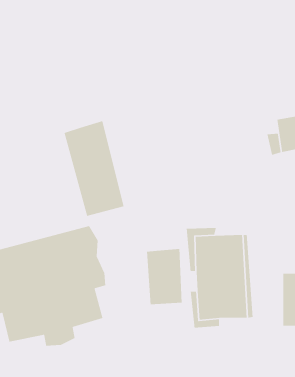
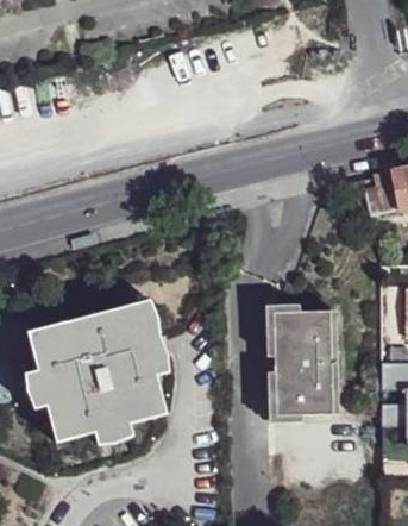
building: [63,120,124,217] -> none
building: [146,248,182,305] -> none

